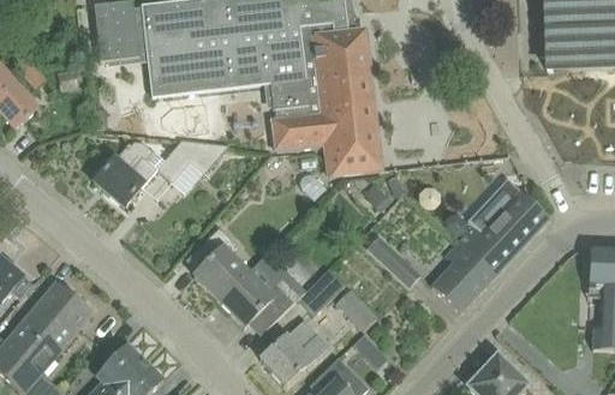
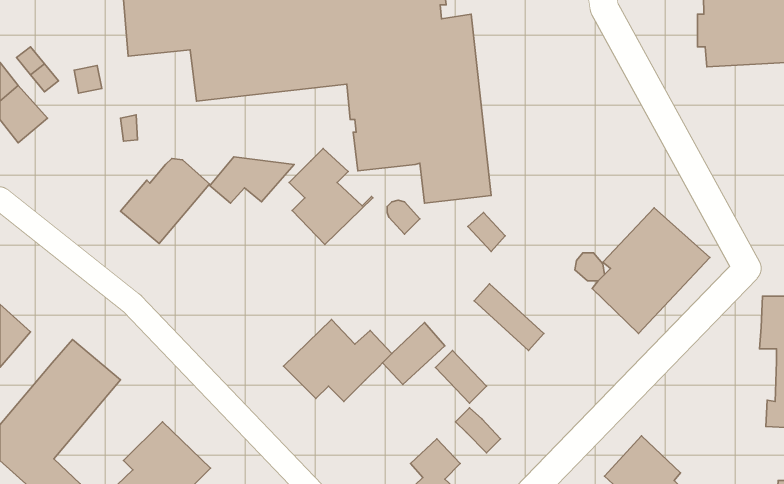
building: [192,226,257,300] -> [289,148,373,244]
building: [431,240,495,312] -> none
building: [261,318,328,383] -> none

